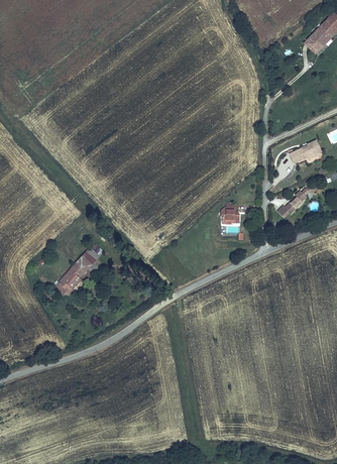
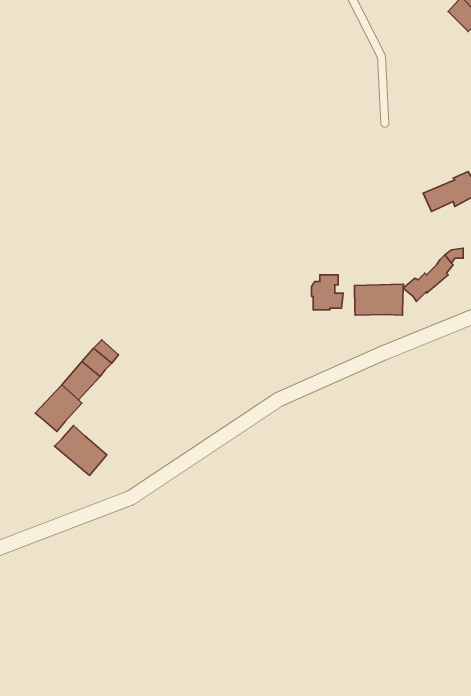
building: none -> [355,284,403,315]
building: none -> [54,426,107,475]

